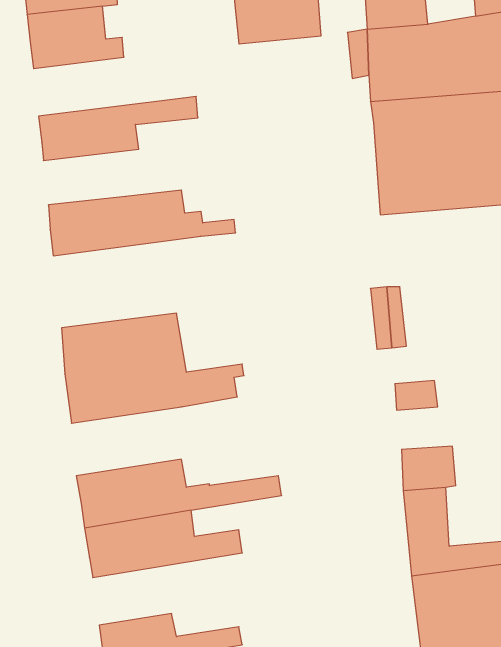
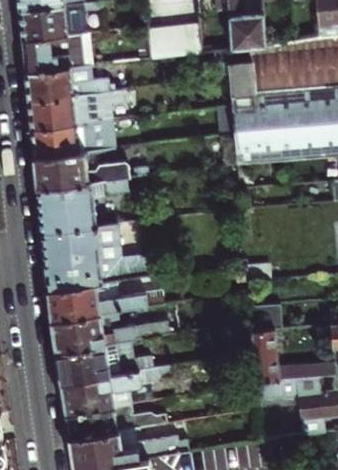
building: none -> [26,67,117,104]
building: none -> [32,121,115,158]
building: none -> [38,177,129,233]
building: none -> [49,281,148,323]
building: none -> [62,367,172,414]

